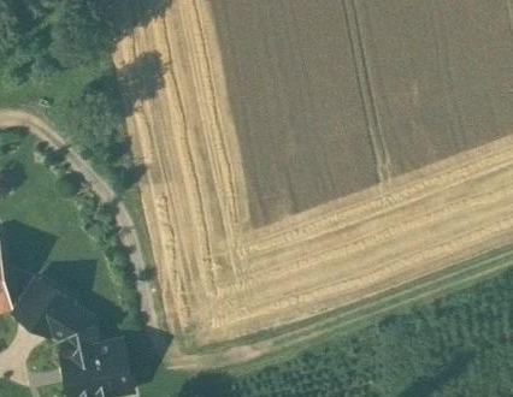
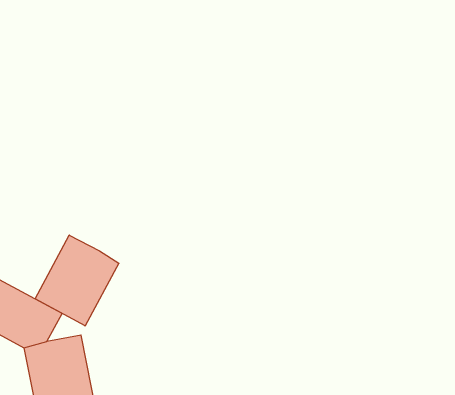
building: none -> [35,235,119,326]

